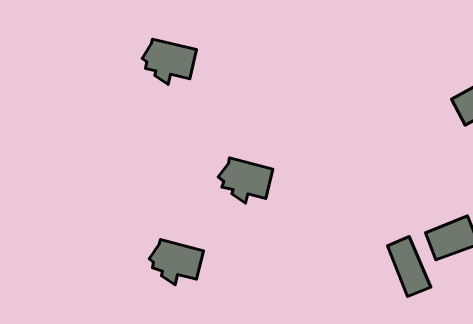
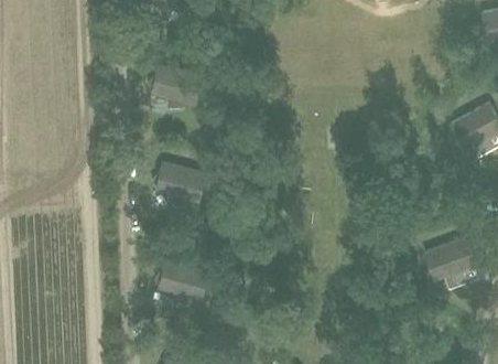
building: [218,158,273,203] -> [152,162,205,206]
building: [388,236,431,296] -> none

